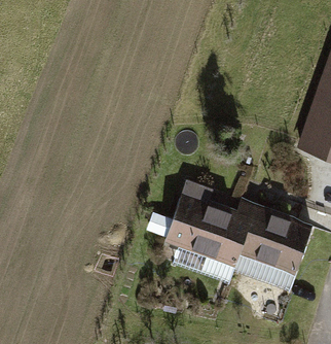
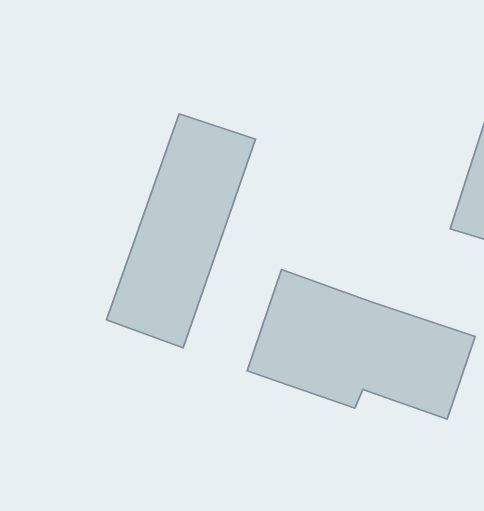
building: none -> [107,114,255,348]

